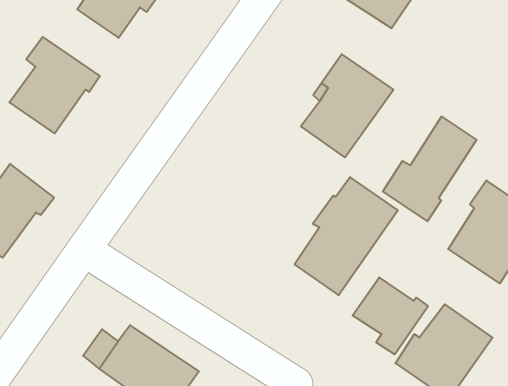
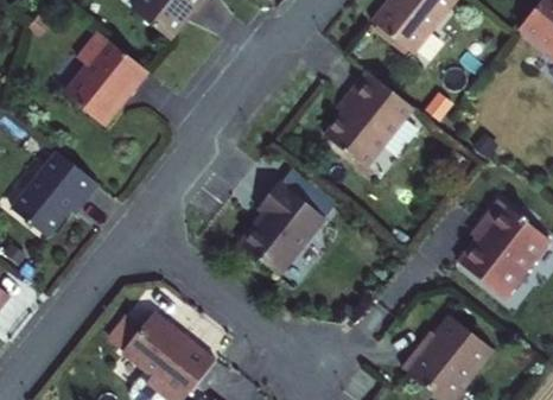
building: [383,116,477,221] -> none
building: [295,177,398,295] -> [244,165,343,274]
building: [353,277,428,354] -> none

